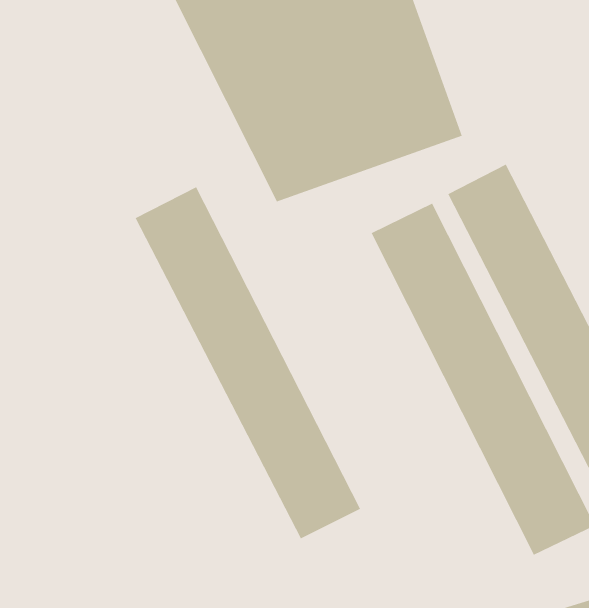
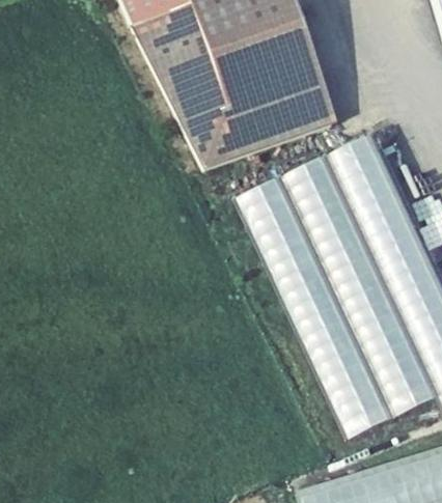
building: [134,186,361,540] -> [219,193,382,447]

